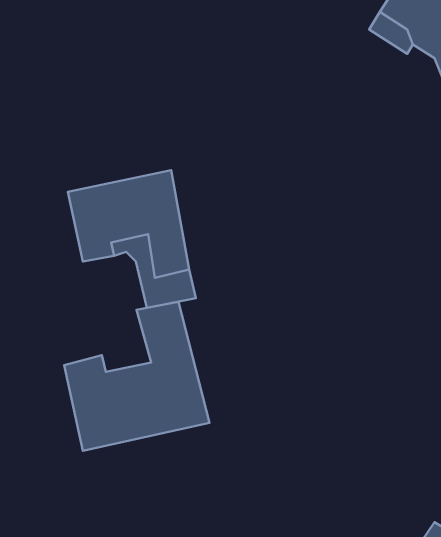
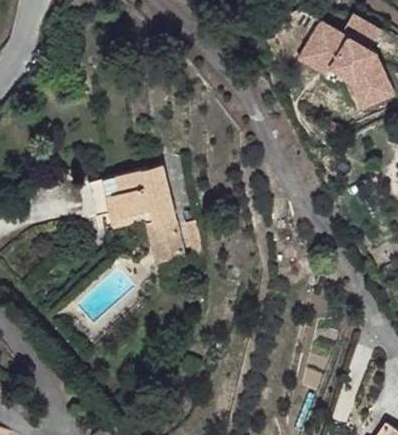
building: [64,302,209,451] -> none

